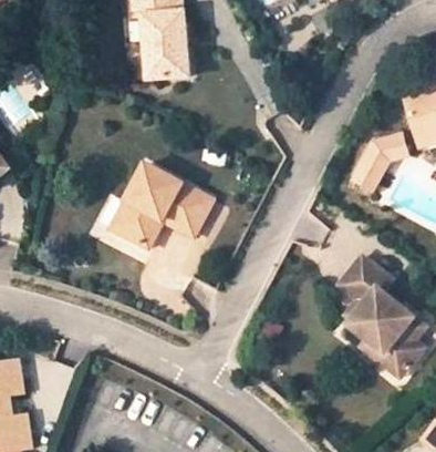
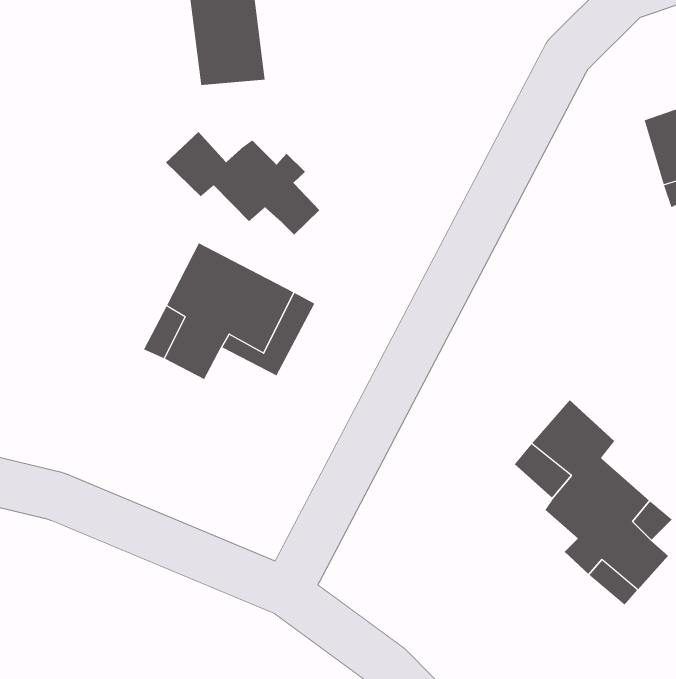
building: none -> [165,131,320,235]
building: [355,133,409,191] -> none

